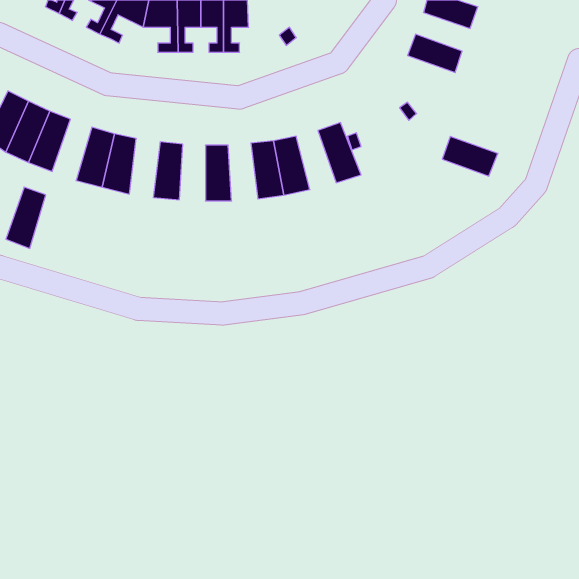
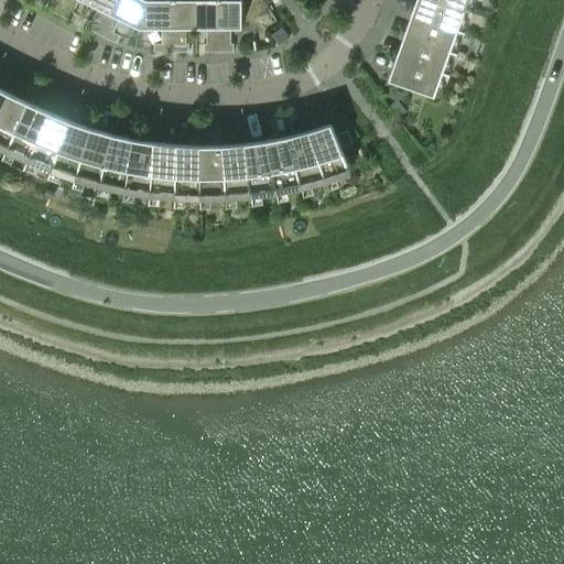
building: none -> [403,13,456,51]
building: none -> [288,128,326,185]
building: [442,136,498,176] -> [388,55,442,94]
building: none -> [126,135,155,193]
building: none -> [221,140,250,196]
building: none -> [174,141,199,196]
building: [6,187,46,248] -> [51,117,89,176]

